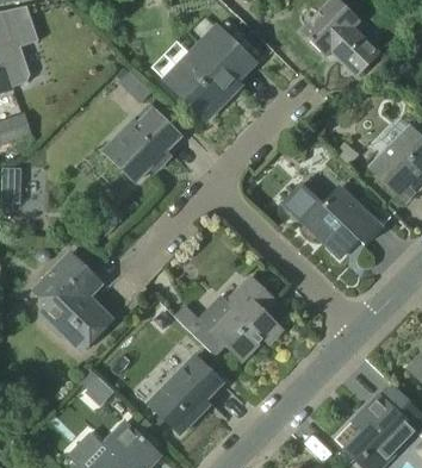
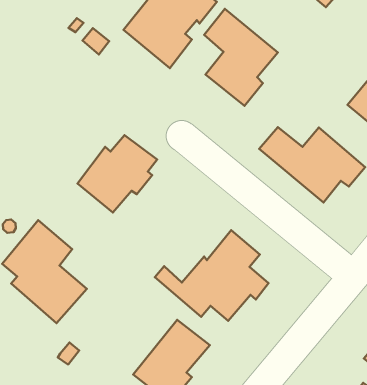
building: none -> [204,9,278,106]
building: [105,111,181,182] -> [78,135,157,213]

